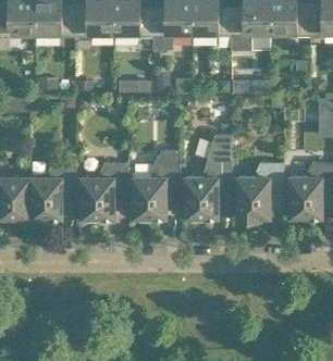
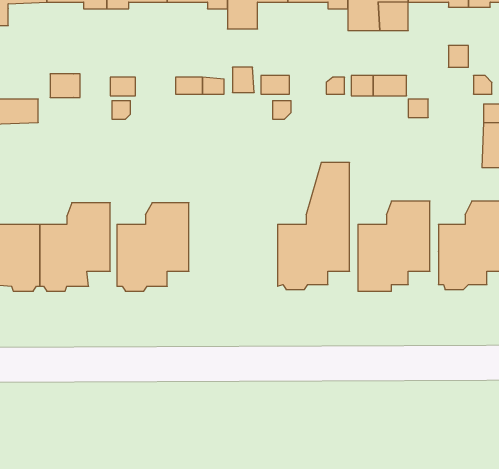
building: [133,151,180,222] -> none

